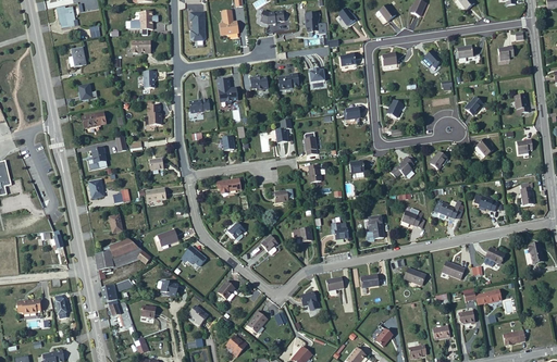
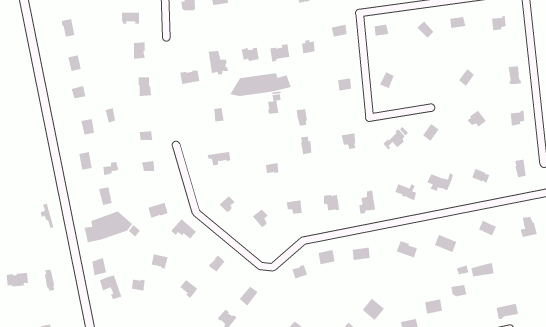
building: none -> [230,72,291,97]

